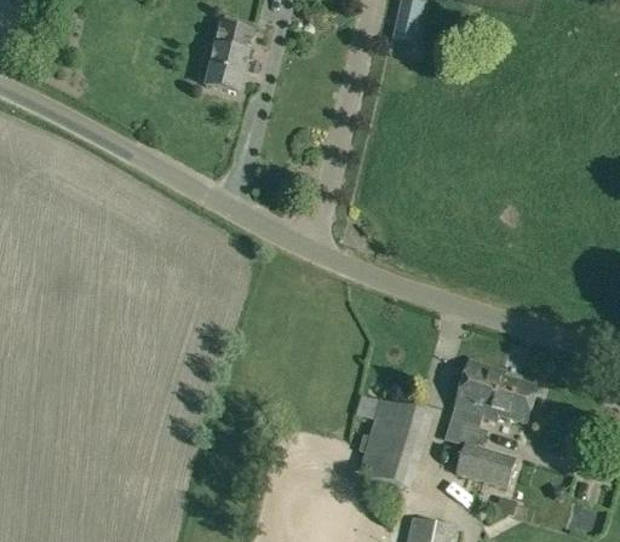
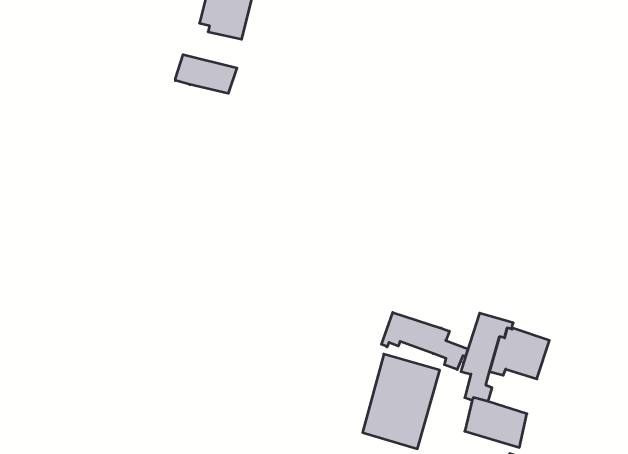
building: none -> [175,55,237,93]
building: none -> [381,312,468,370]

